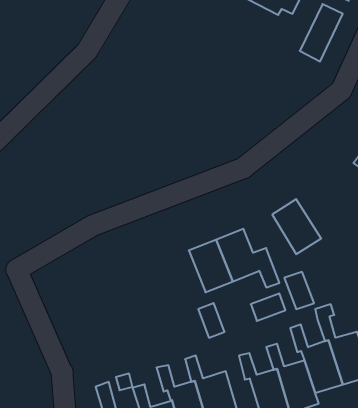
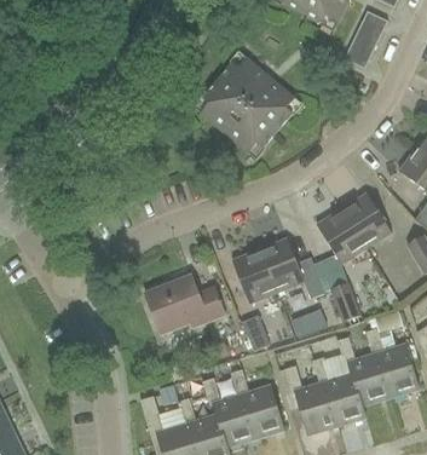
building: none -> [201,57,298,154]
building: none -> [342,192,393,248]
building: none -> [146,273,226,333]

